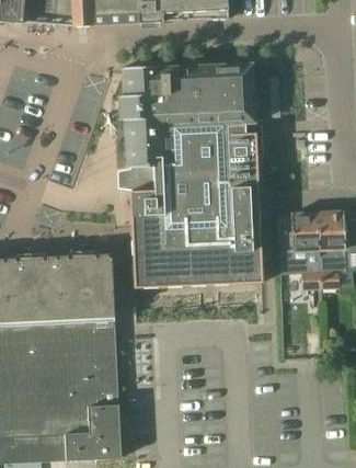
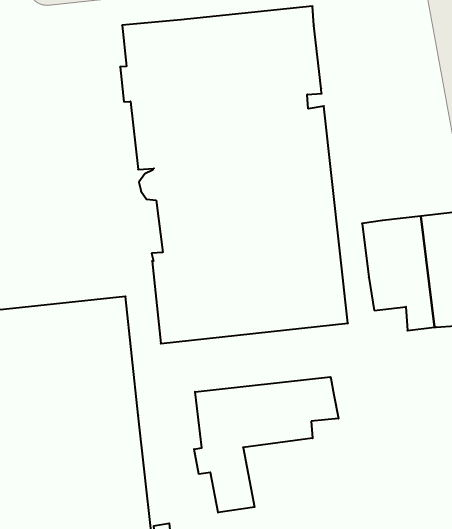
building: none -> [194,377,338,513]

